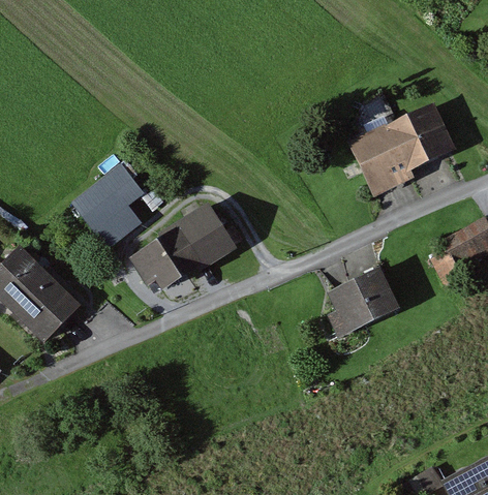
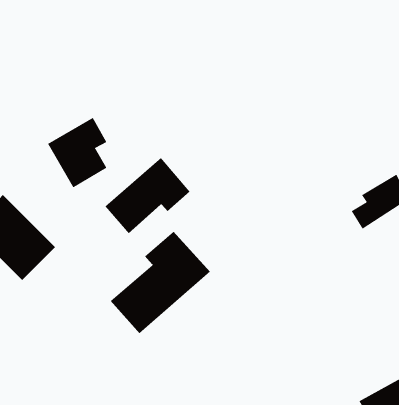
building: [350,102,457,190] -> none
building: [324,269,395,333] -> none
building: none -> [110,231,211,334]

